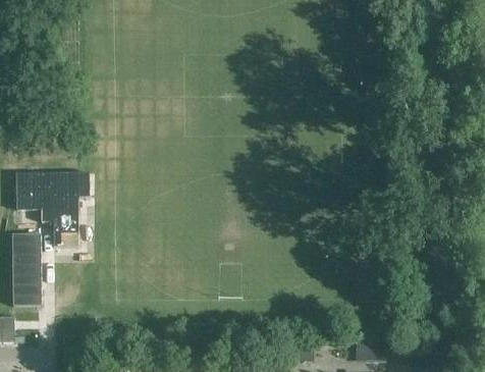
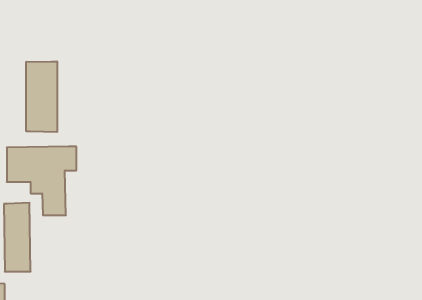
building: none -> [26,61,57,132]

